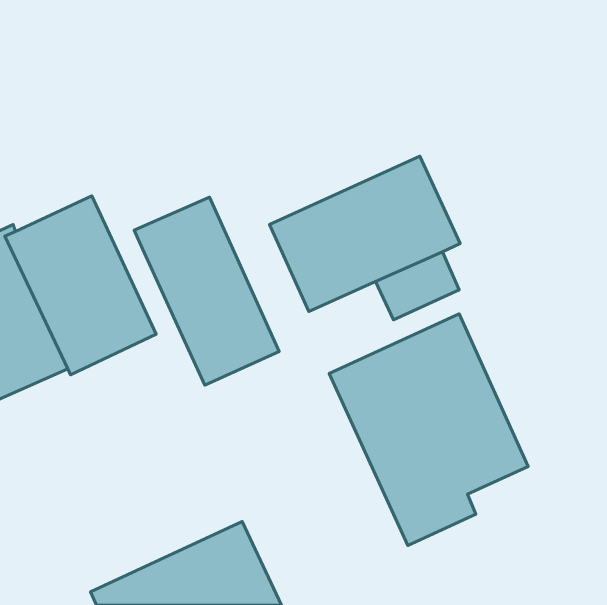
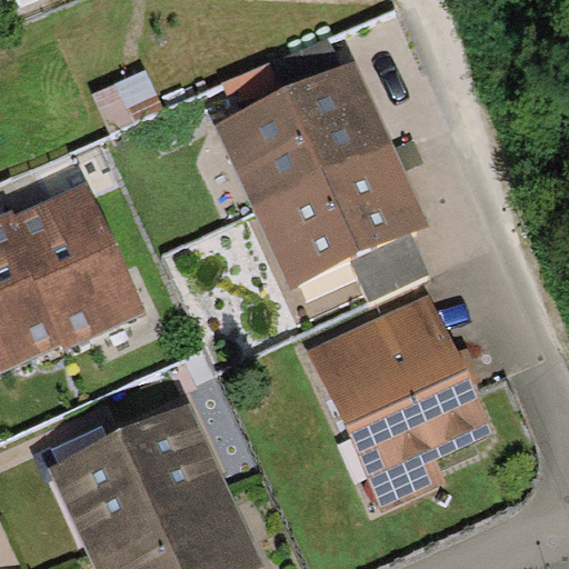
building: none -> [213,62,391,209]
building: [134,197,279,385] -> none
building: none -> [46,403,226,551]

